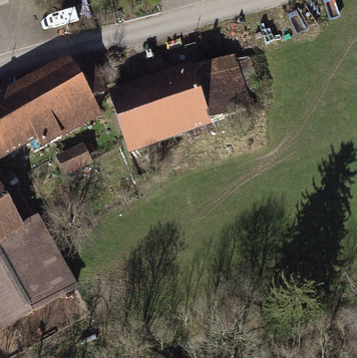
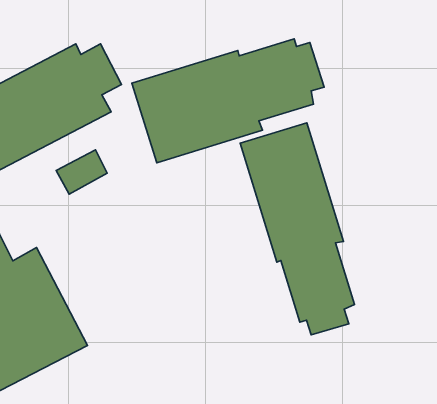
building: none -> [240,123,354,335]

